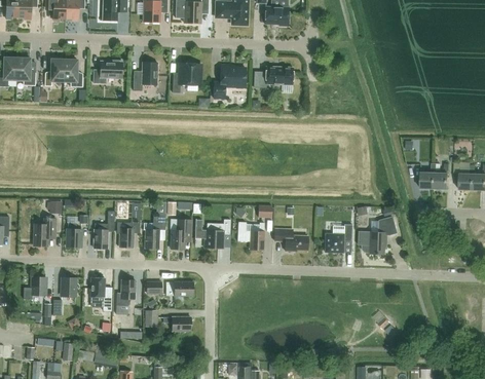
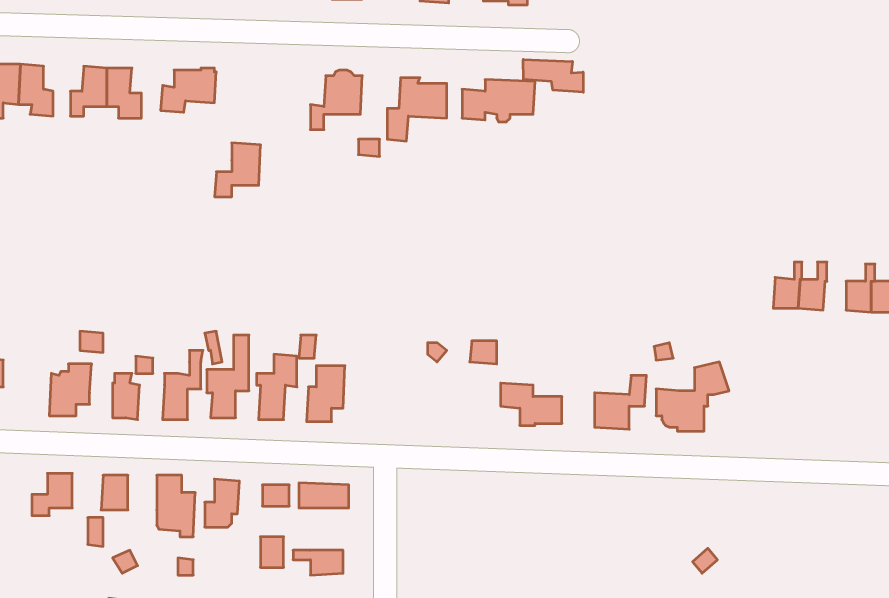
building: none -> [523,59,583,92]
building: [133,62,157,90] -> [215,143,261,197]
building: [194,219,230,249] -> none
building: [237,222,264,250] -> none

